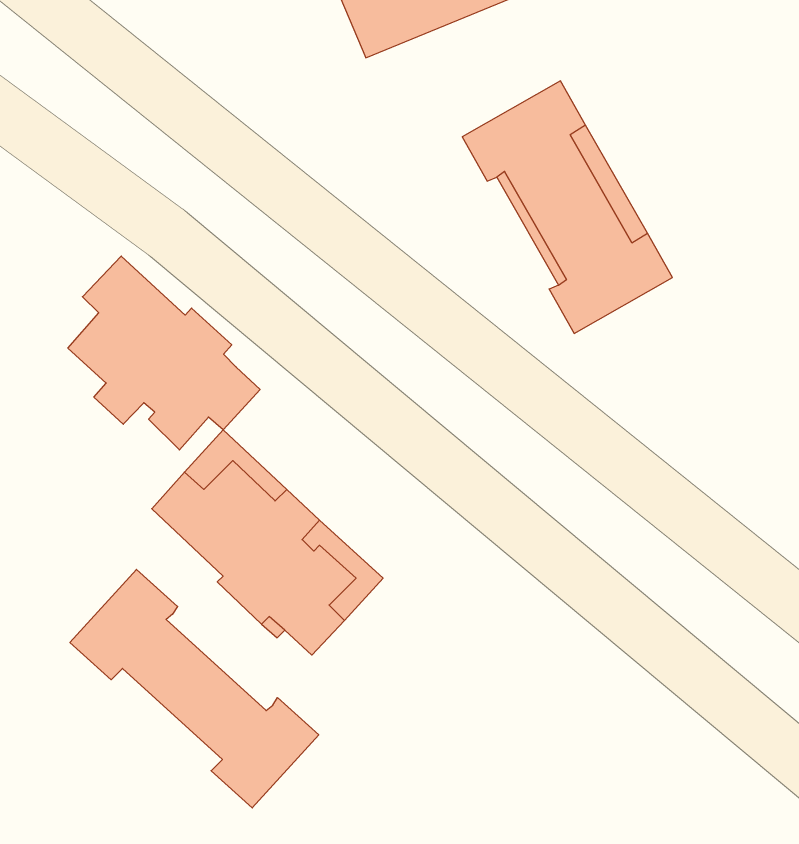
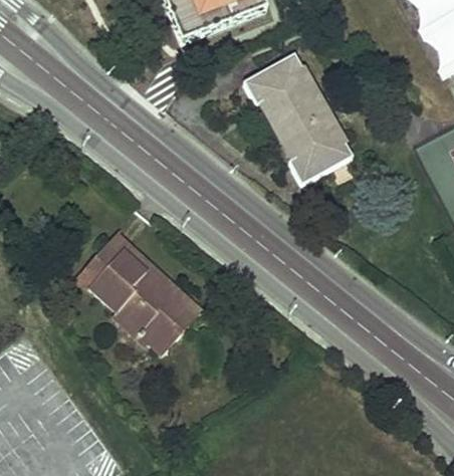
building: [68,256,260,450] -> none
building: [70,569,319,808] -> none

